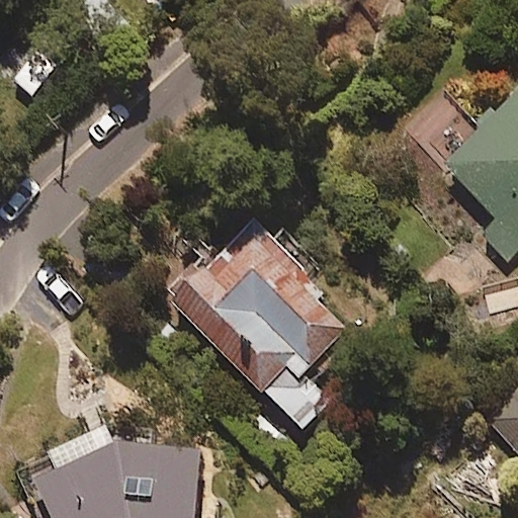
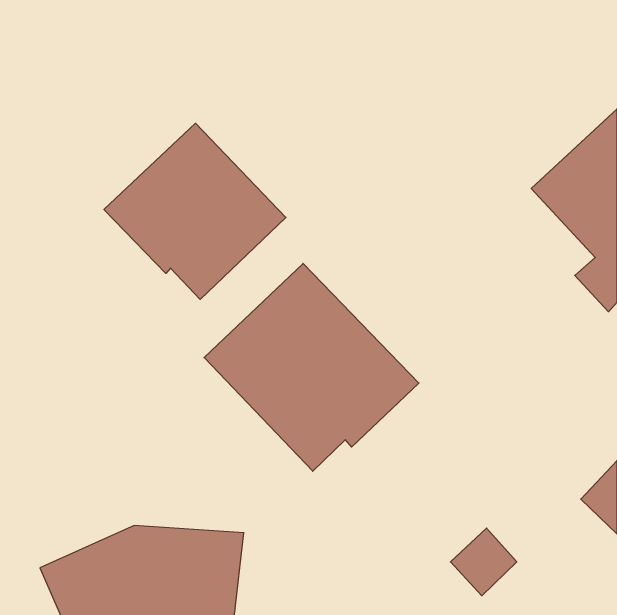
building: none -> [104,123,286,299]

